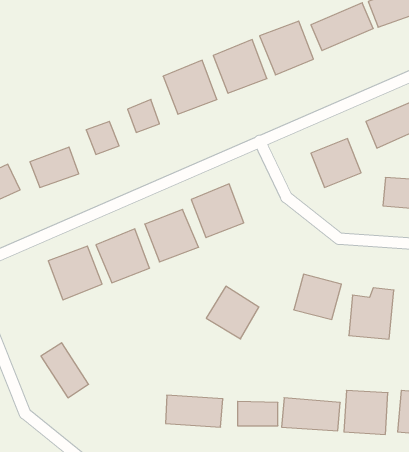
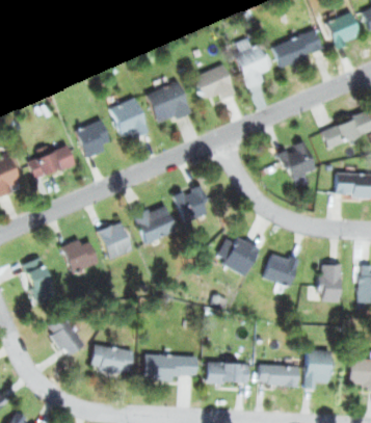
building: none -> [17,255,53,301]
building: [206,286,259,339] -> [215,231,260,275]
building: none -> [90,345,129,374]

